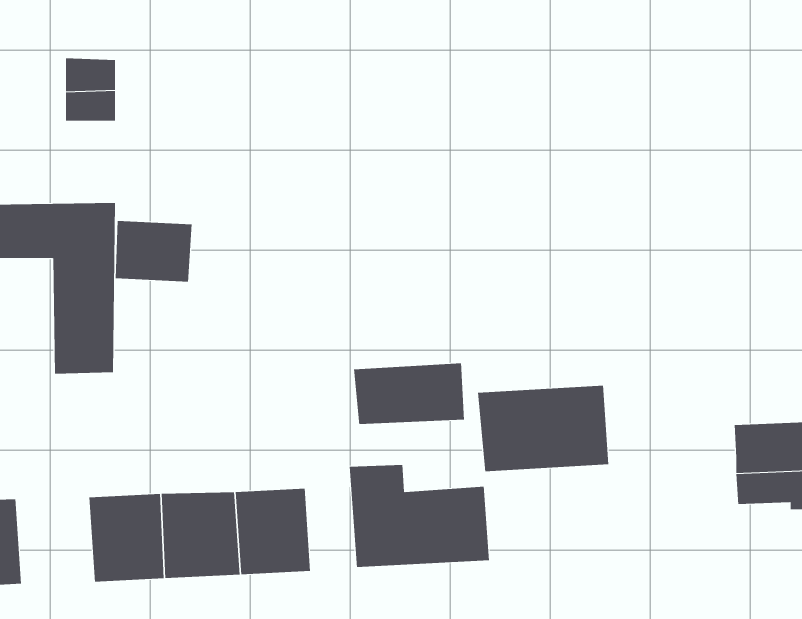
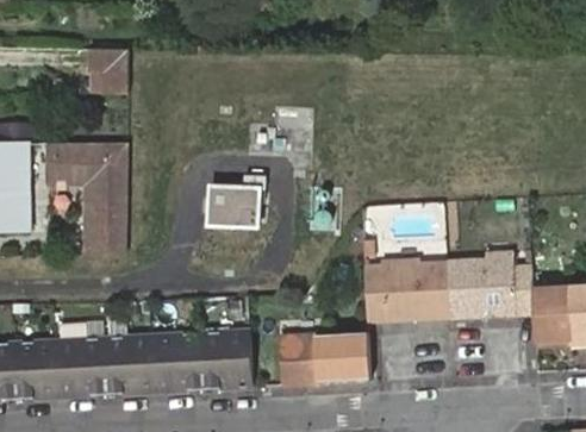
building: [115,221,193,282] -> [207,188,258,228]
building: [354,363,465,425] -> none
building: none -> [447,261,534,315]
building: none -> [60,337,111,394]

